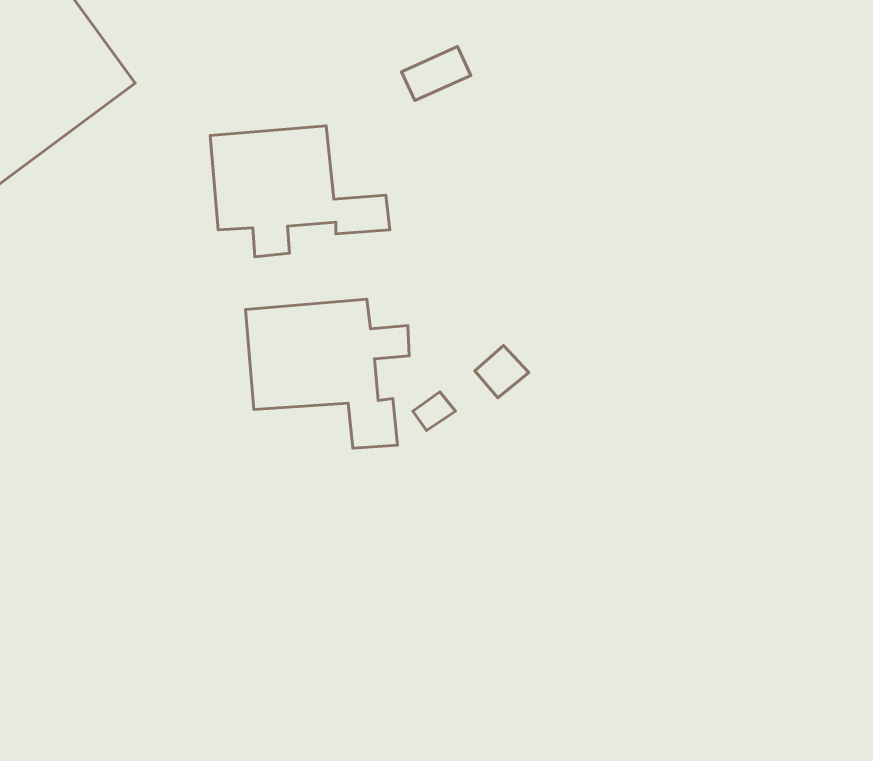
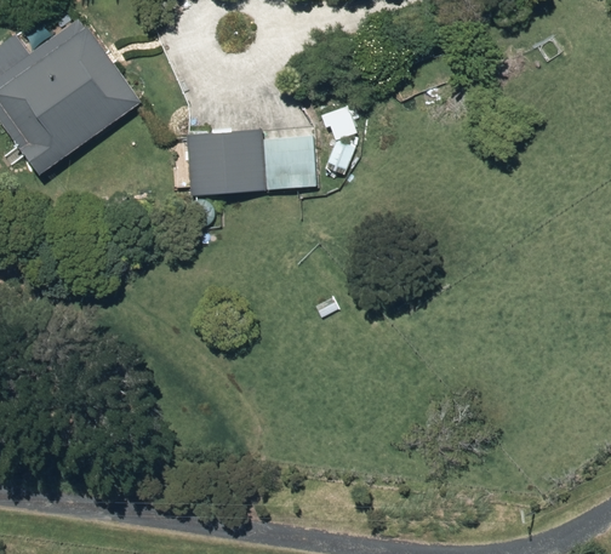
building: [245,299,409,448] -> none

